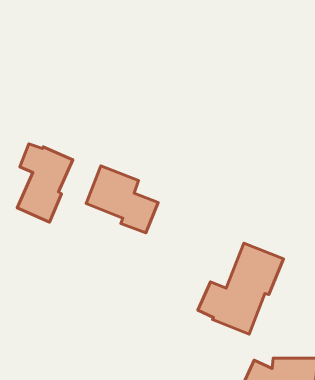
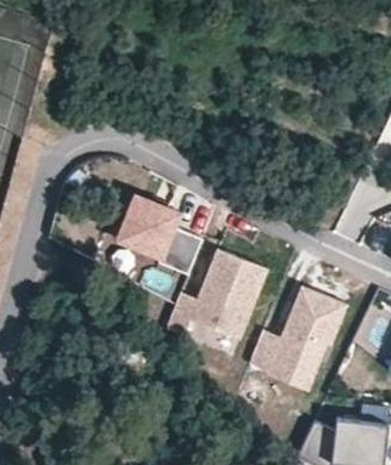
building: [17,144,73,222] -> none
building: none -> [165,250,267,340]

